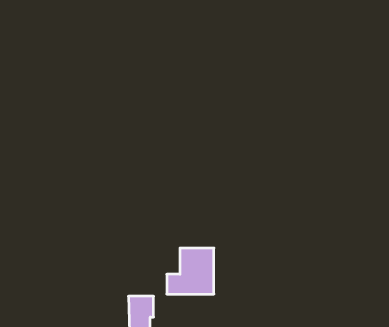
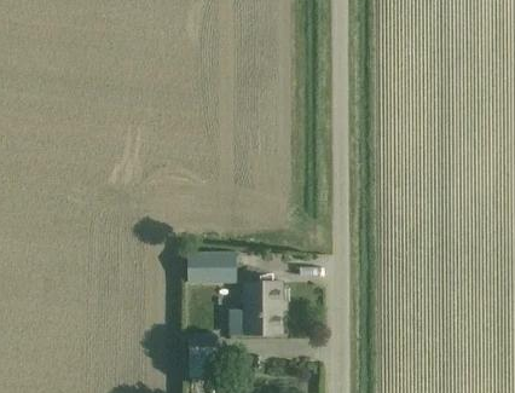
building: none -> [189,252,237,282]

